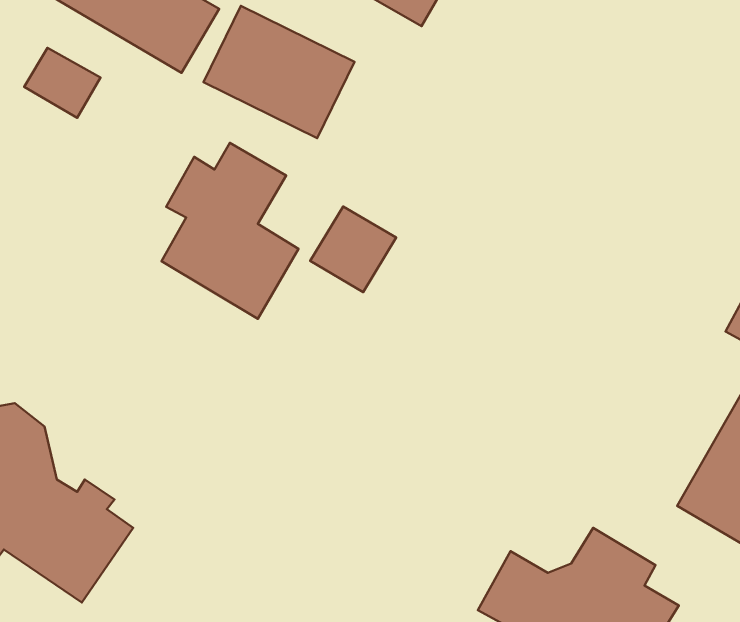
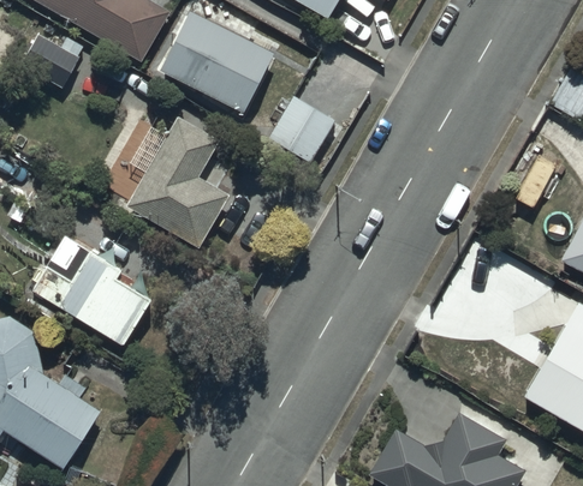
building: [310,206,396,292] -> [268,95,334,161]
building: none -> [30,232,153,346]

